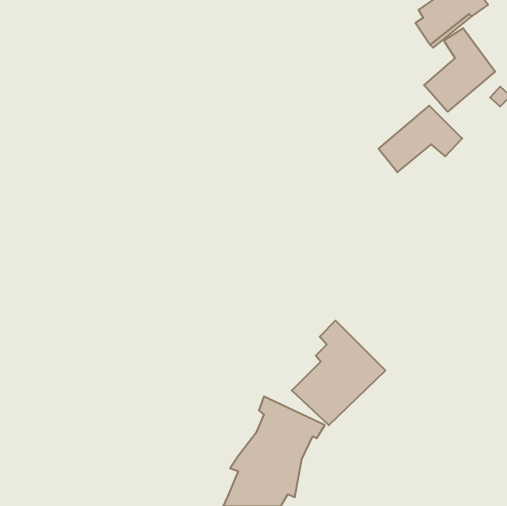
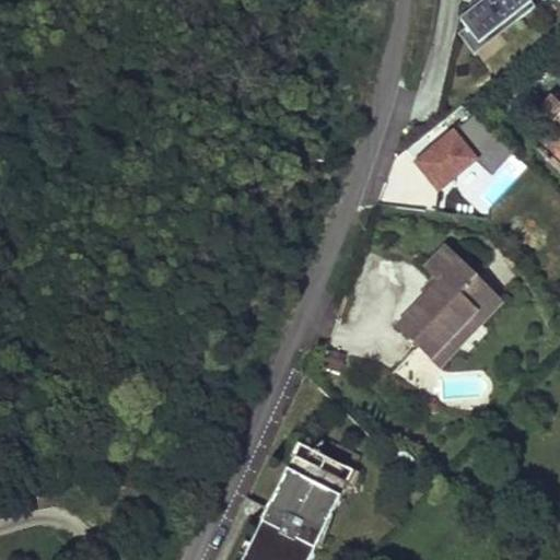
building: [424,28,495,112] -> none
building: [292,321,385,425] -> [396,248,499,363]

